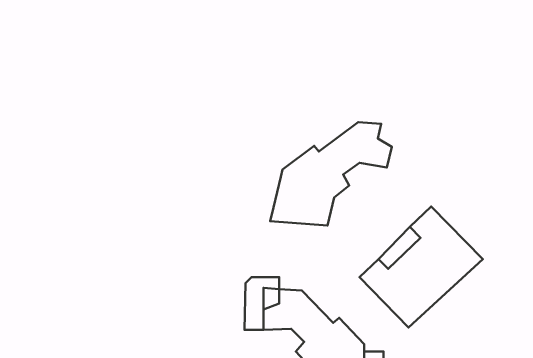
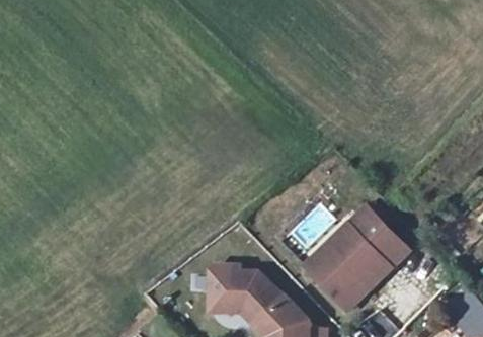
building: [270,122,392,226] -> none

